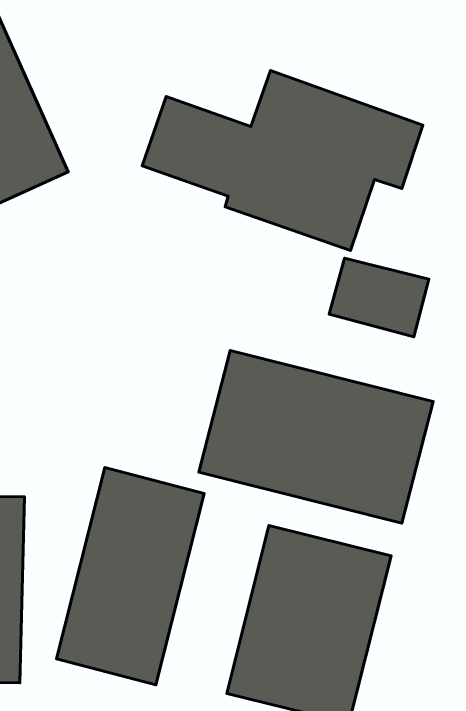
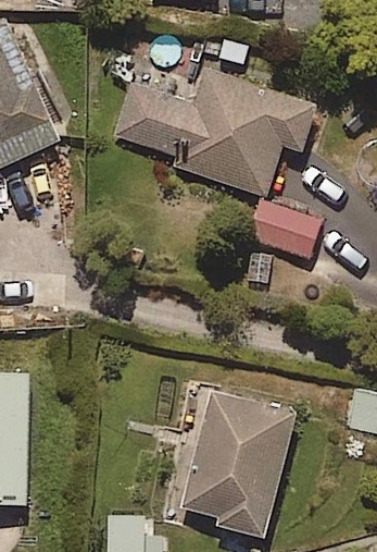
building: [199,350,433,523] -> none
building: [57,468,204,685] -> none

